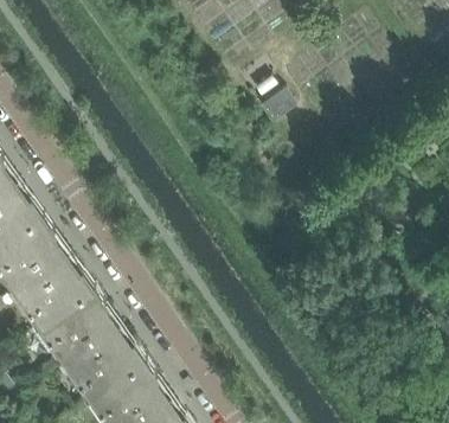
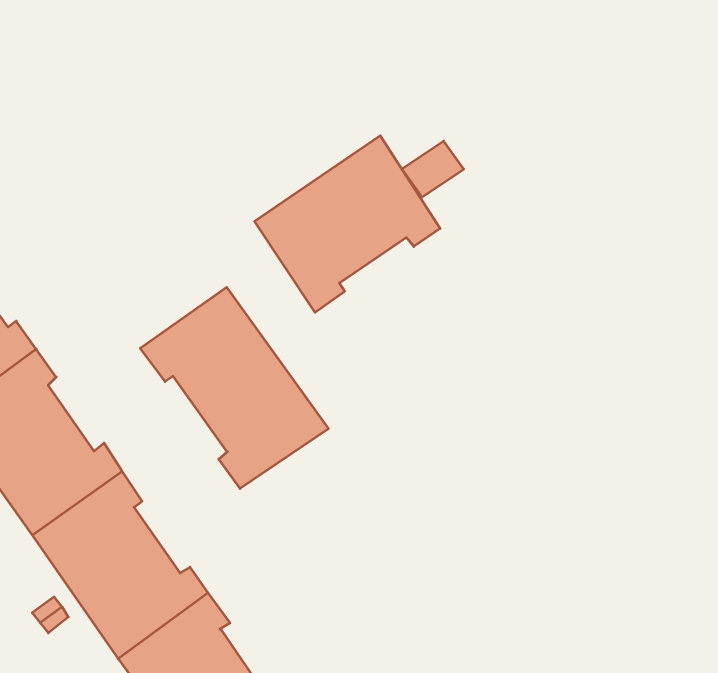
building: none -> [255,136,440,312]
building: none -> [140,287,328,489]

